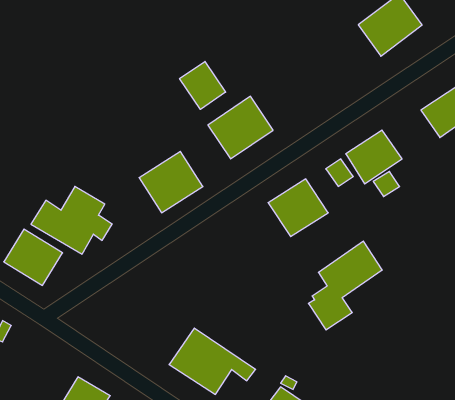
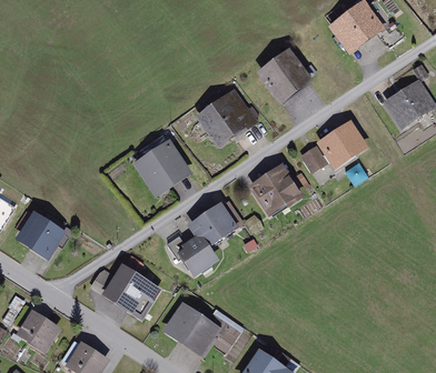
building: none -> [259,50,316,107]
building: [180,61,226,109] -> none
building: [31,186,112,254] -> [89,254,161,314]
building: [308,241,382,330] -> [179,196,245,275]
building: none -> [17,310,61,352]

